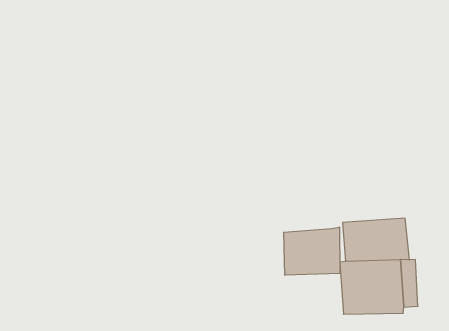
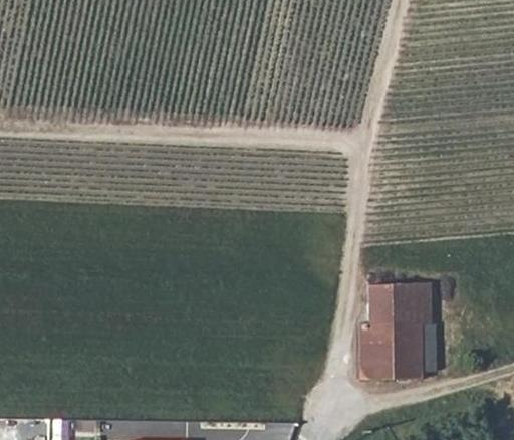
building: [284,227,340,275] -> none

